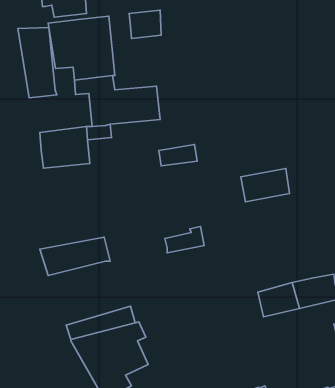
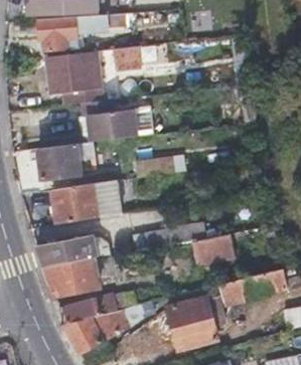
building: [18,27,57,98] -> none
building: [241,168,290,202] -> [195,231,237,259]
building: none -> [49,179,120,223]
building: none -> [43,255,99,297]
building: none -> [168,293,218,350]

